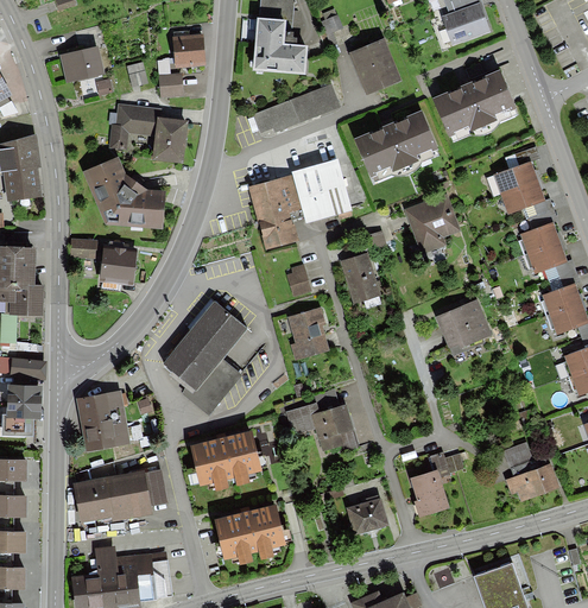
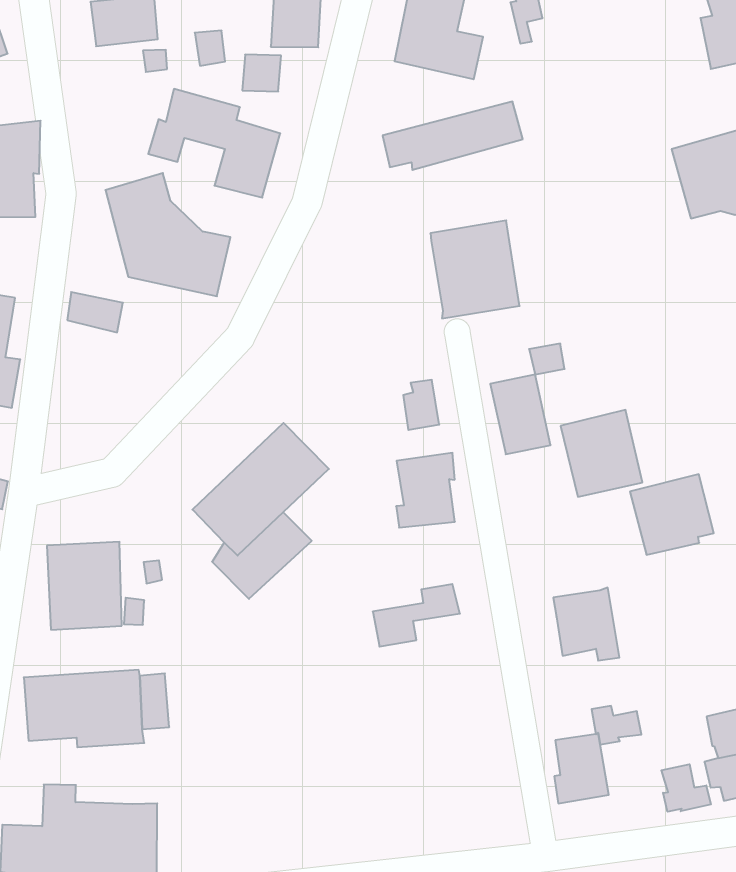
building: [348,38,400,95] -> none
building: [356,110,440,182] -> none
building: [247,176,304,251] -> none
building: [405,192,461,251] -> [561,410,642,497]
building: [100,240,137,284] -> none
building: [311,404,358,450] -> [553,588,619,661]
building: [190,430,260,489] -> none
building: none -> [661,764,711,812]
building: [346,494,388,534] -> none
building: [214,505,291,564] -> none

